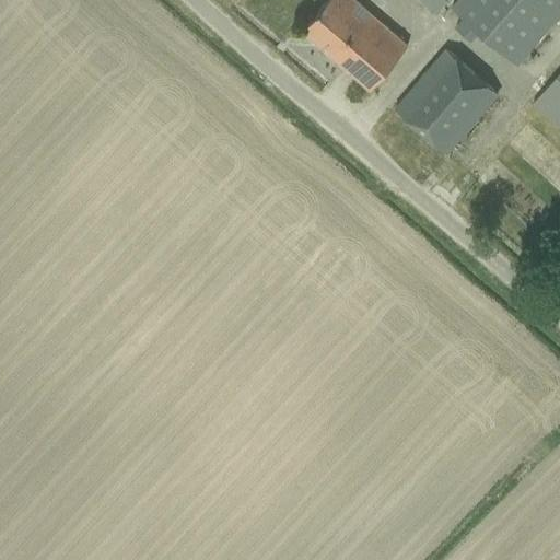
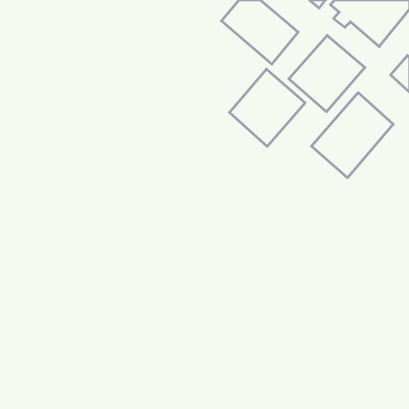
building: none -> [229,69,305,146]
building: none -> [311,93,393,178]

